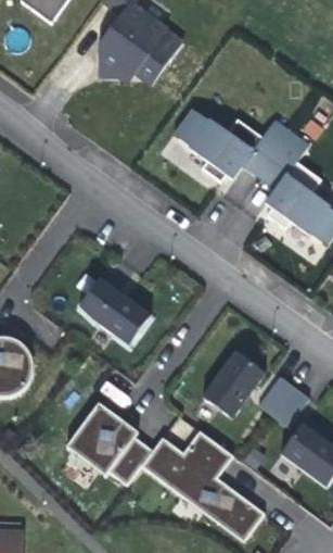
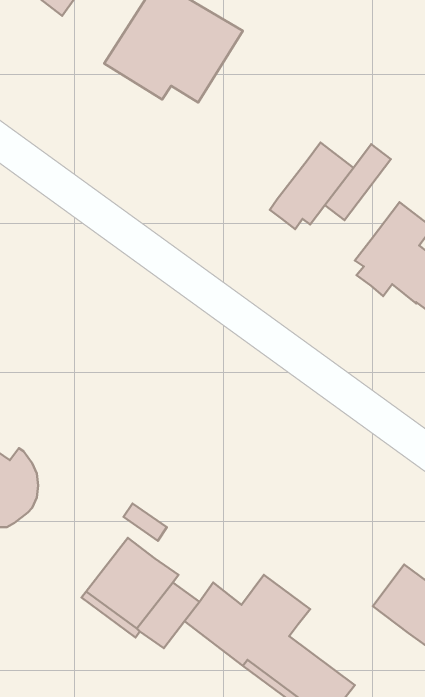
building: [177,104,231,158] -> none
building: [258,128,311,187] -> none
building: [79,278,151,345] -> none
building: [202,350,265,418] -> none
building: [257,376,309,427] -> none

